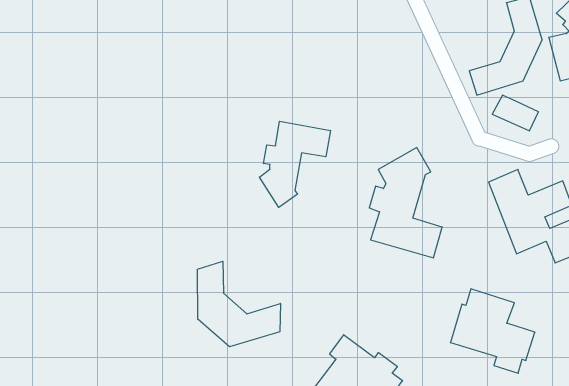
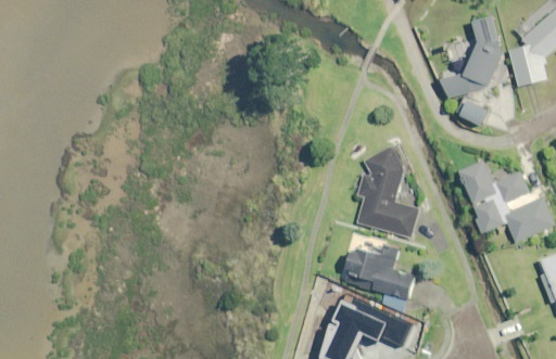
building: [259,121,330,207] -> none
building: [198,261,280,347] -> none
building: [450,289,535,373] -> [344,238,416,309]

